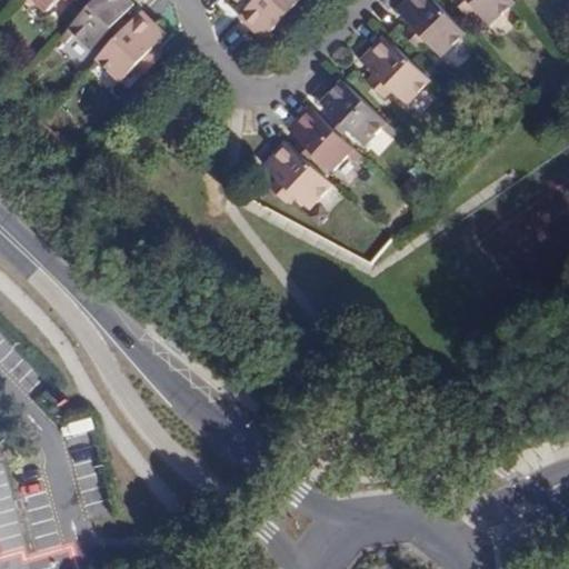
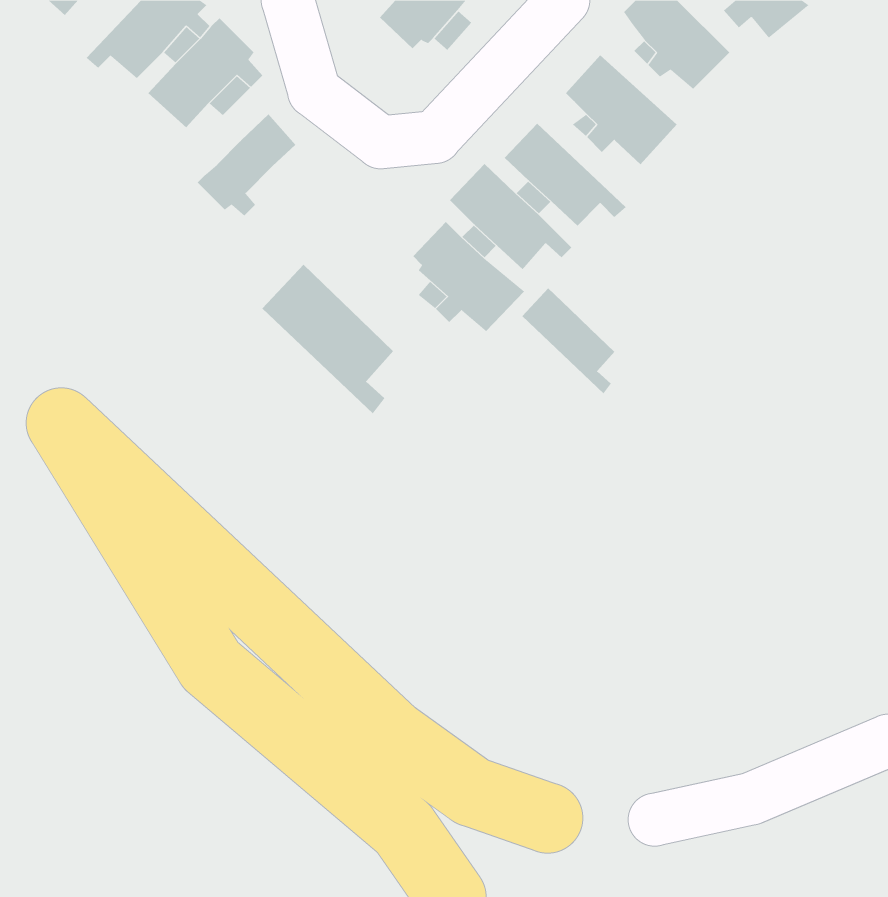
building: none -> [197,114,296,216]
building: none -> [261,264,394,414]
building: none -> [521,288,615,394]

